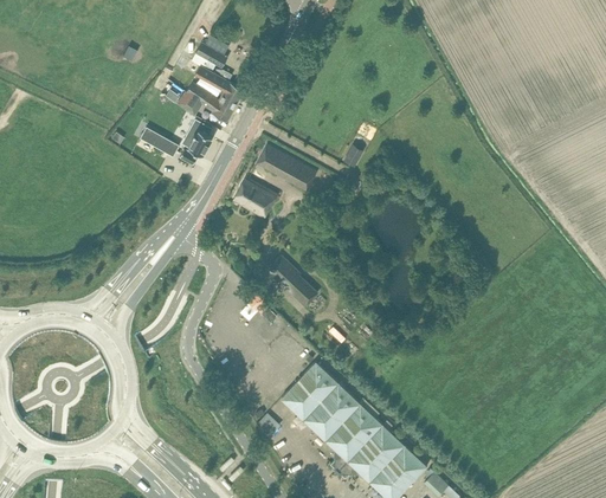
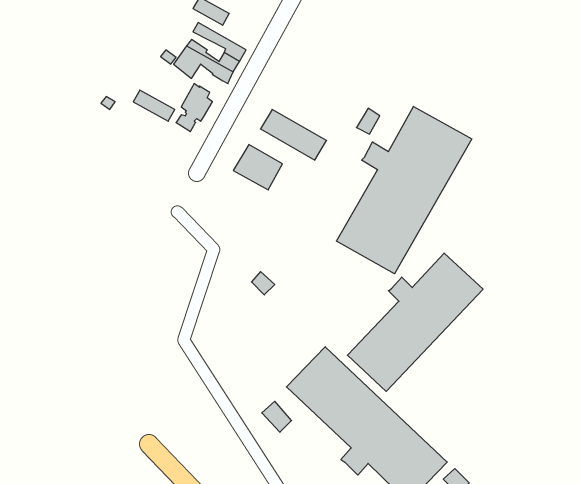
building: none -> [336,106,472,274]
building: [266,258,318,309] -> none
building: none -> [347,253,483,391]

